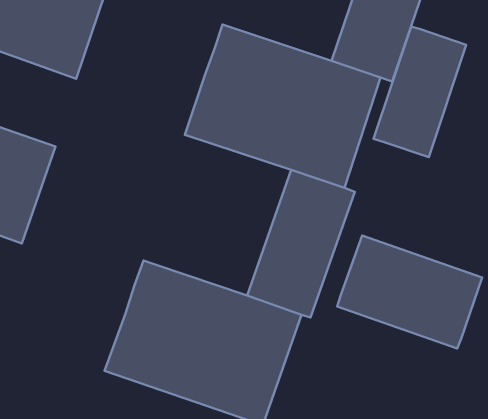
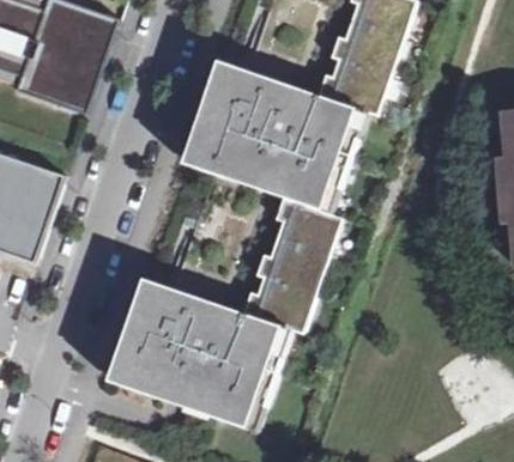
building: [374,26,466,157] -> none
building: [337,235,482,349] -> none

